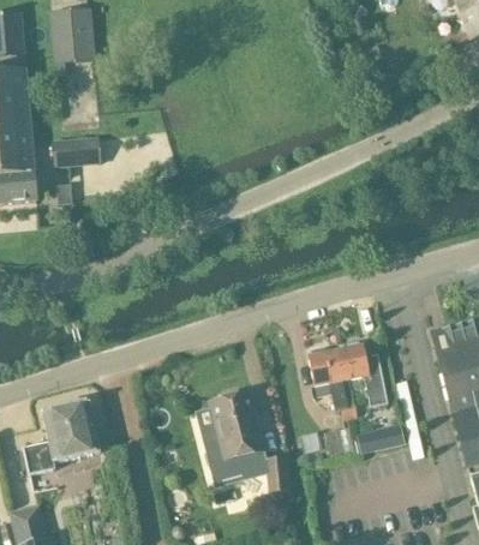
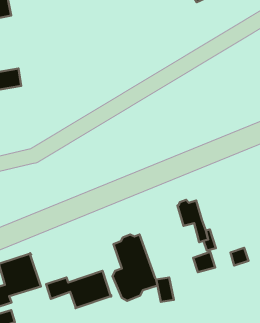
building: [335,343,387,406] -> none
building: none -> [46,271,111,308]

